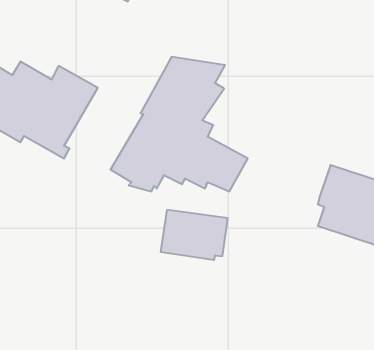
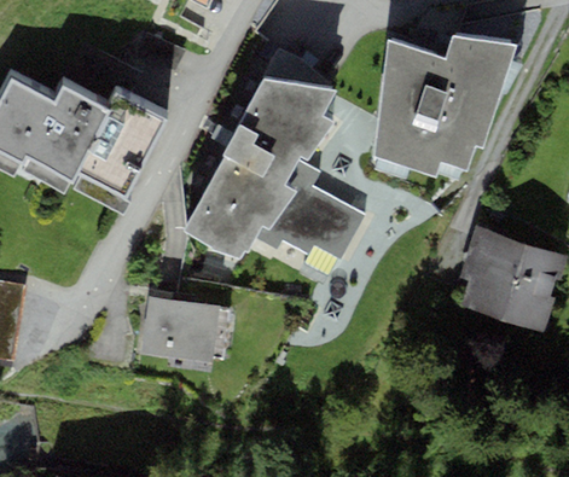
building: none -> [372,34,515,175]
building: [161,210,228,260] -> [139,295,228,361]

